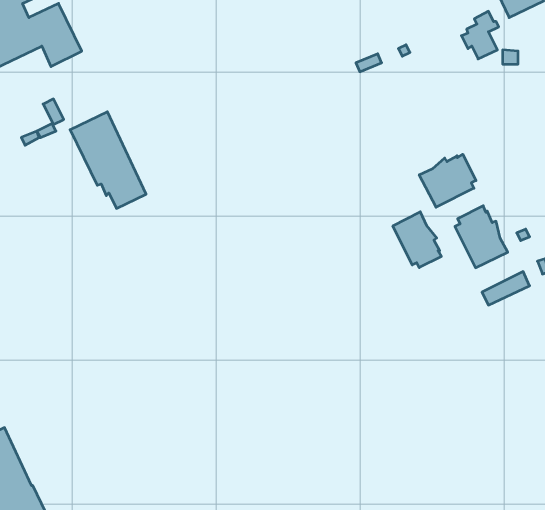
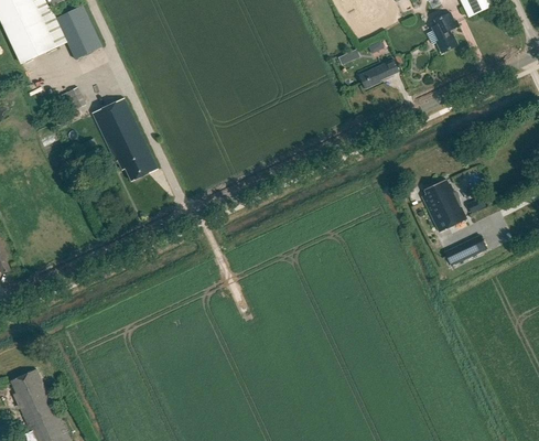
building: none -> [357,57,398,88]
building: [419,154,476,207] -> none
building: [393,212,441,268] -> none

